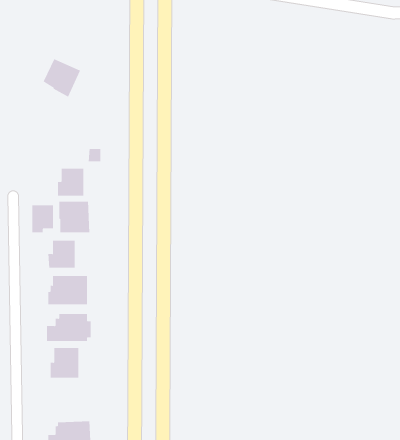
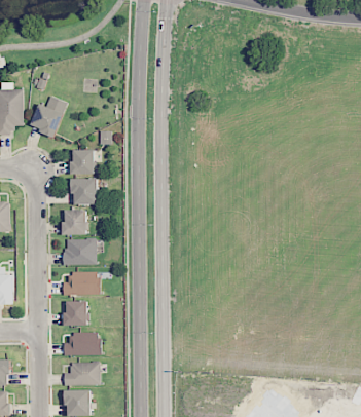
building: [43,58,81,98] -> [31,104,63,137]
building: [32,204,54,233] -> none
building: none -> [61,332,101,356]

